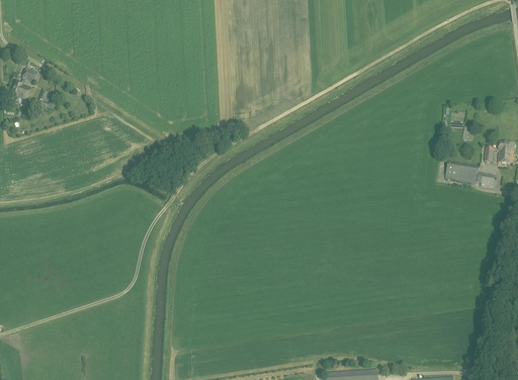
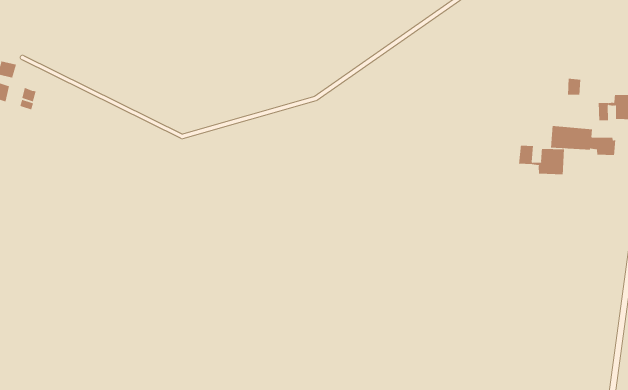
building: none -> [519,145,564,175]

